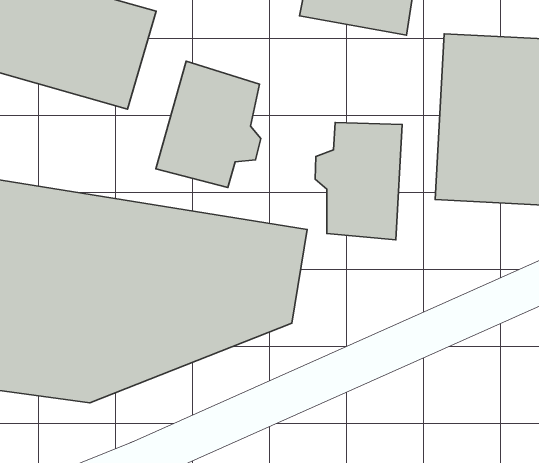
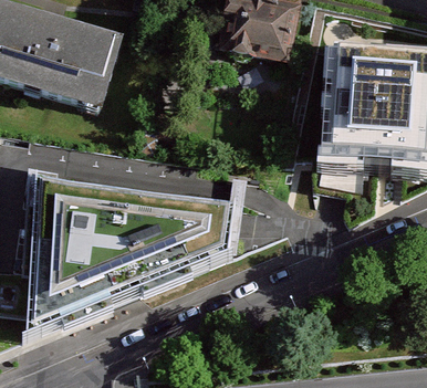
building: [156,61,261,188] -> none
building: [315,122,402,240] -> none

